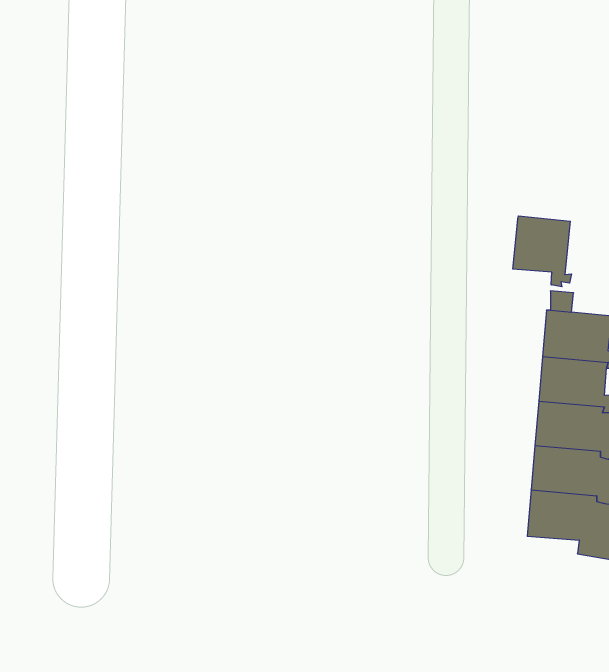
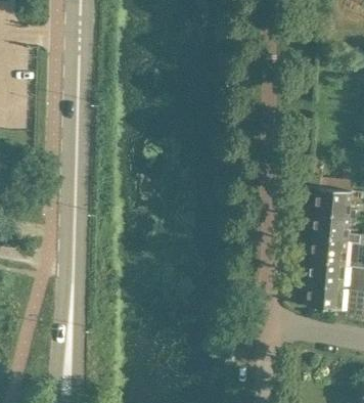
building: [513,216,571,287] -> none

